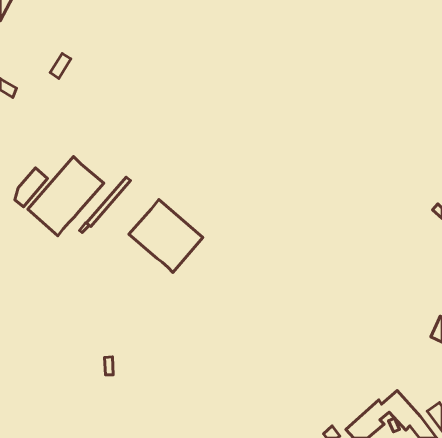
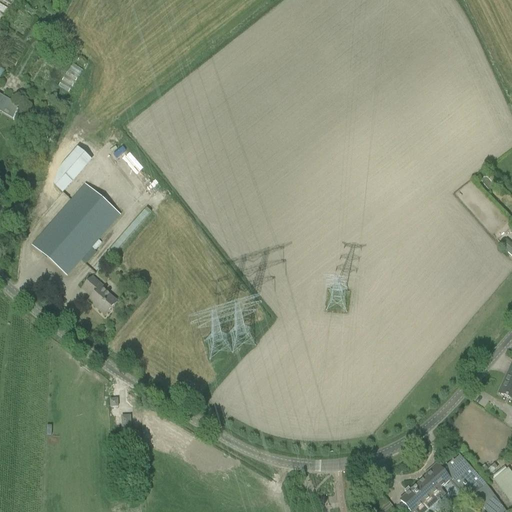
building: [15,168,48,207] -> [53,147,91,192]
building: [129,199,203,272] -> none
building: none -> [82,273,117,313]

